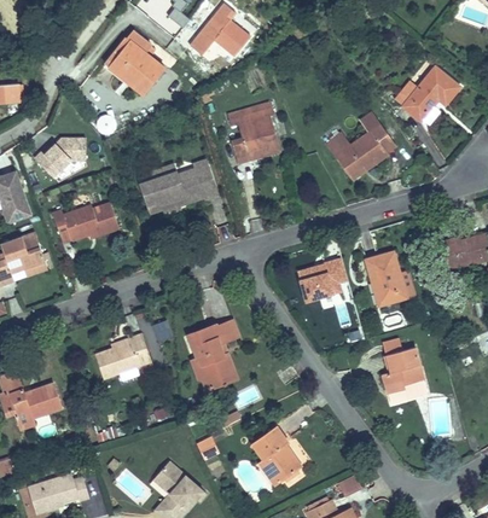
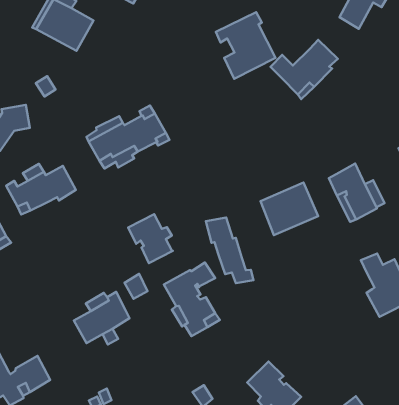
building: [227,103,280,163] -> [216,12,276,79]
building: none -> [128,214,173,263]
building: none -> [206,218,253,283]

